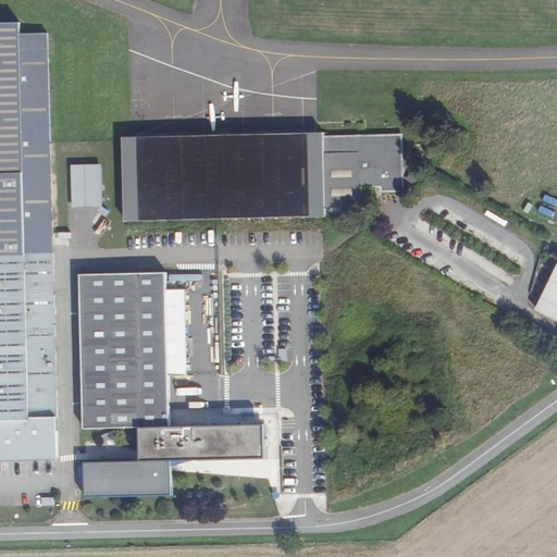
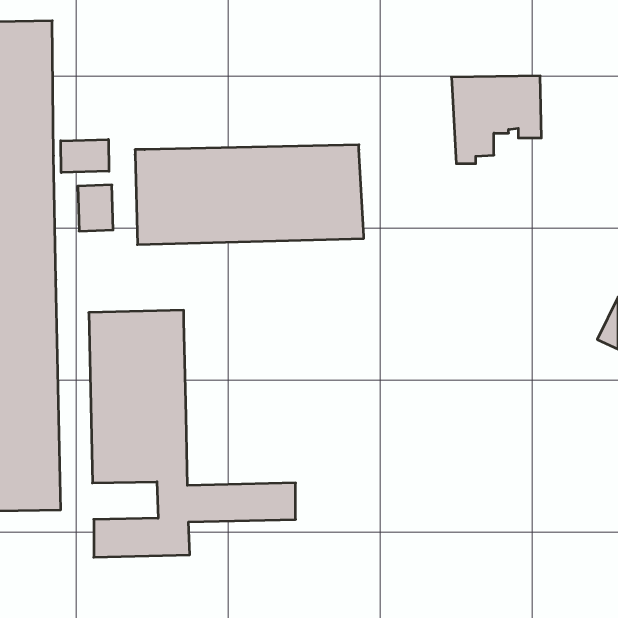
building: none -> [61,139,109,173]
building: [321,133,401,211] -> [451,76,541,164]
building: [164,286,186,372] -> none

